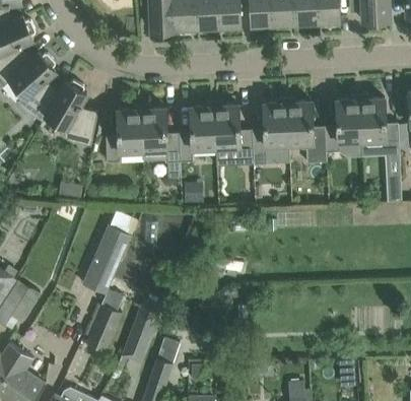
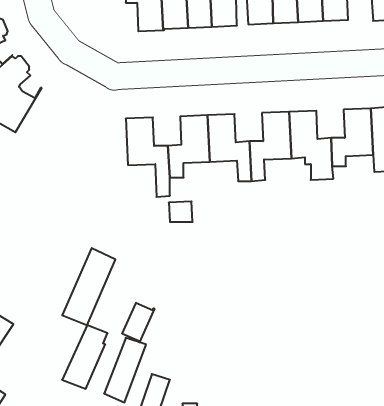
building: [43,80,97,147] -> none
building: [106,110,143,162] -> none
building: none -> [122,303,154,342]

